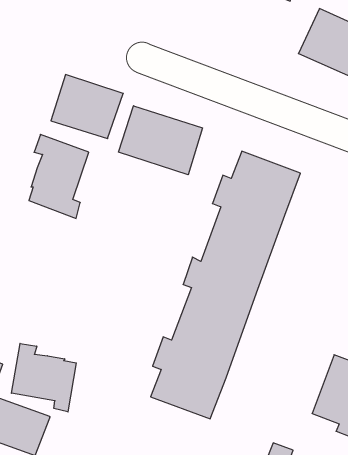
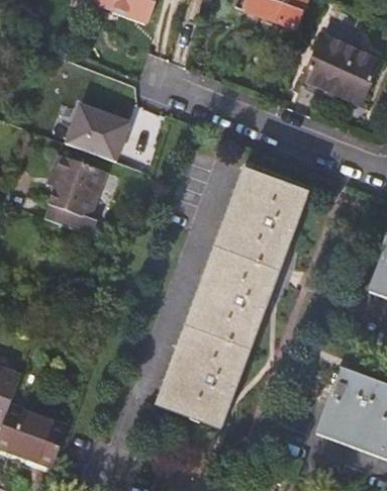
building: [118,106,202,175] -> none
building: [11,343,76,412] -> none

